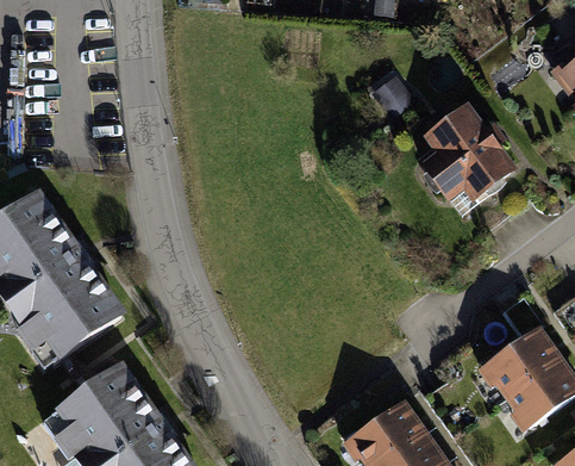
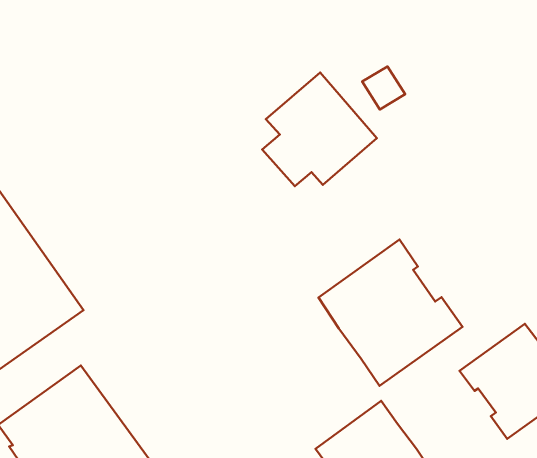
building: [414,101,523,209] -> [262,73,377,186]
building: none -> [318,240,462,386]

